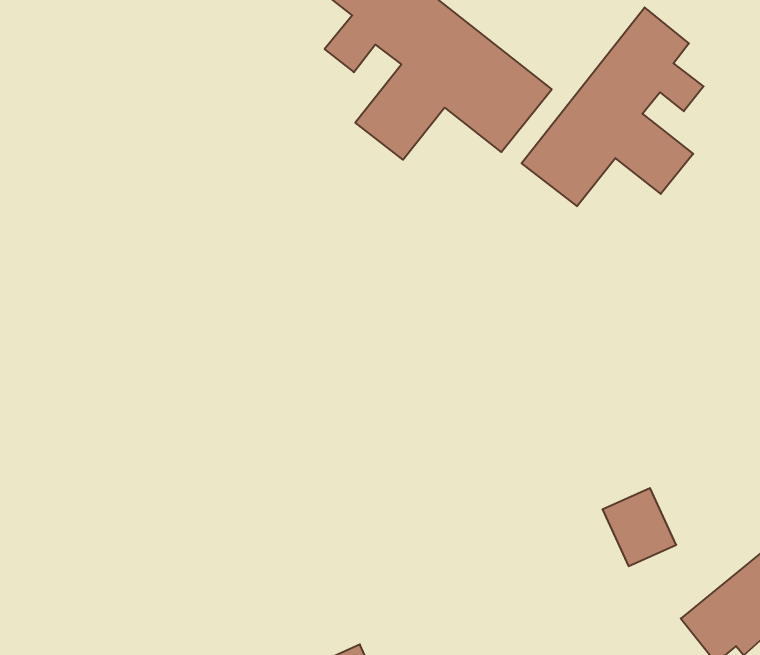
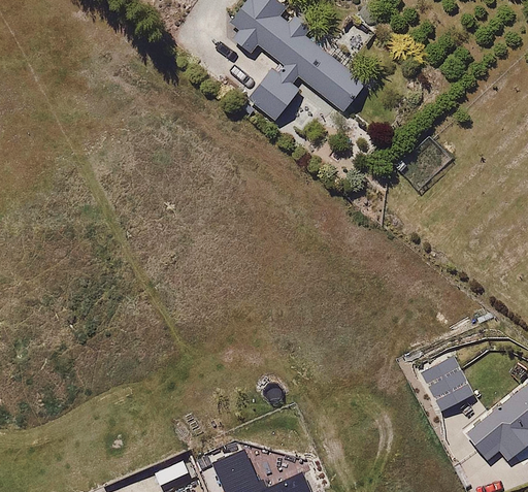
building: [522,7,704,206] -> none

